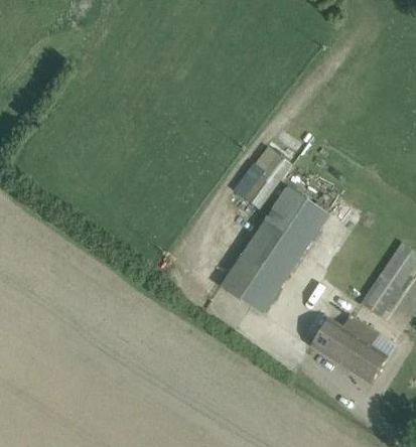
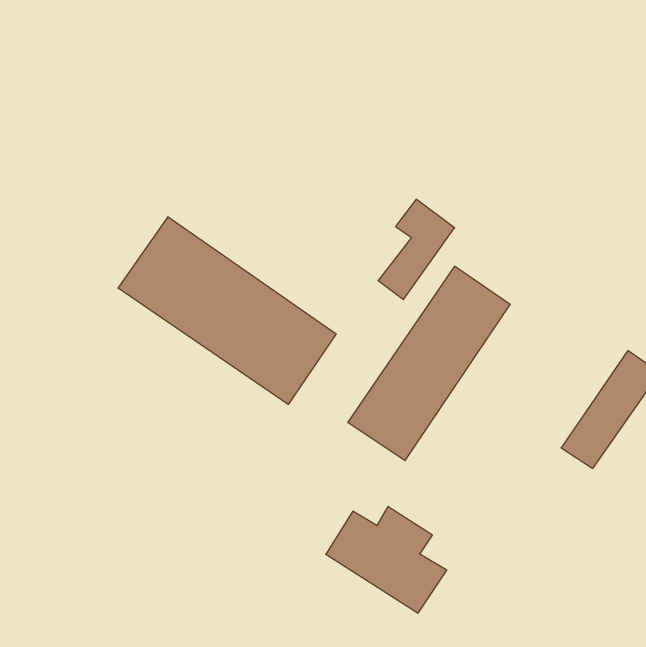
building: none -> [118,217,336,405]
building: [311,315,388,383] -> [326,506,447,613]

